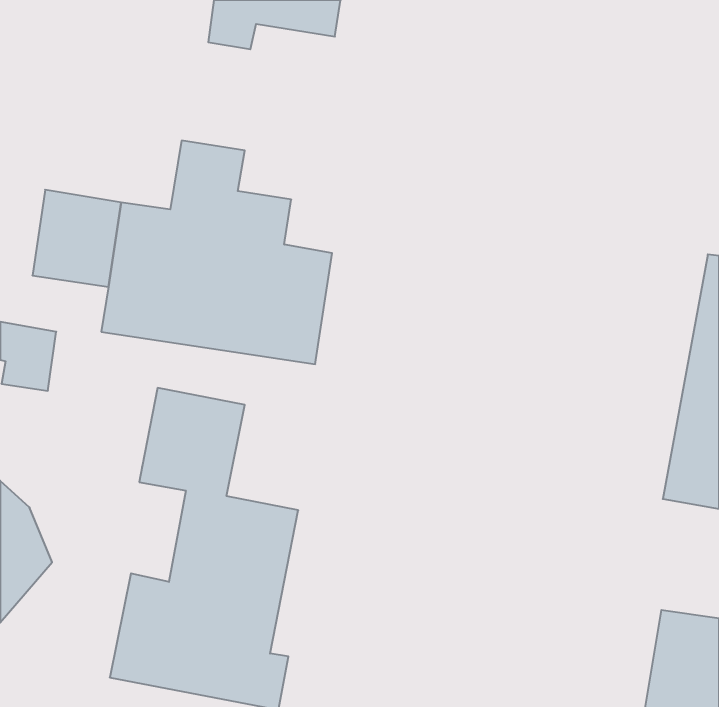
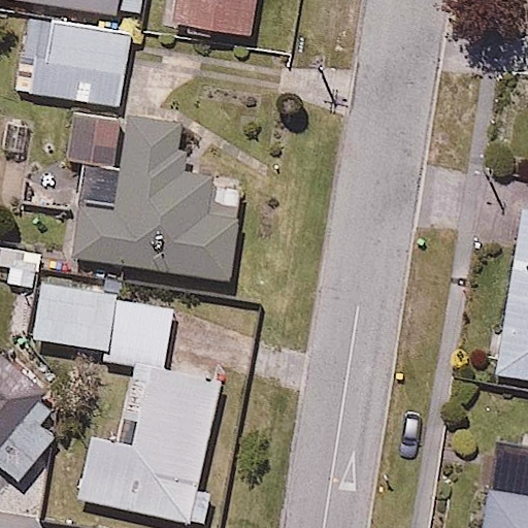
building: none -> [15,19,141,114]
building: none -> [33,279,116,351]

